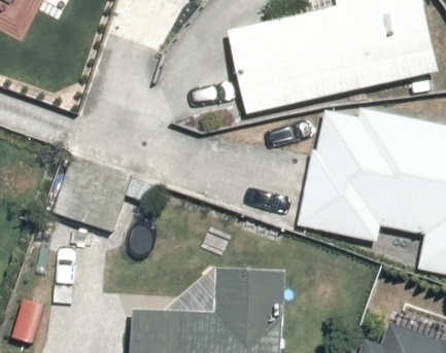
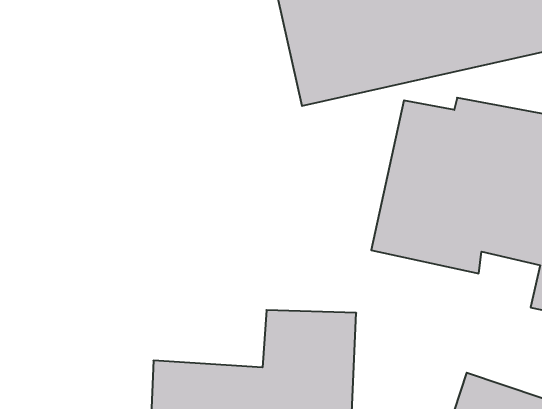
building: [55,144,137,230] -> none

